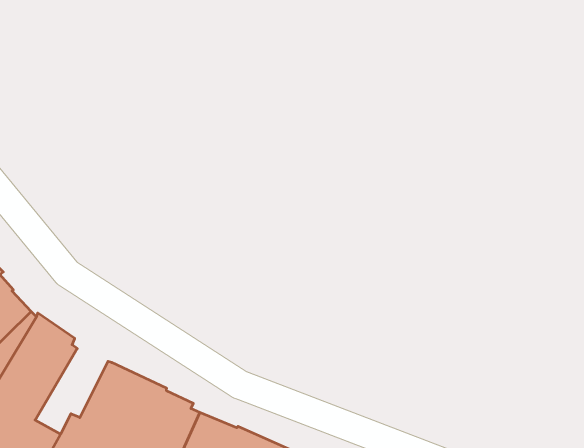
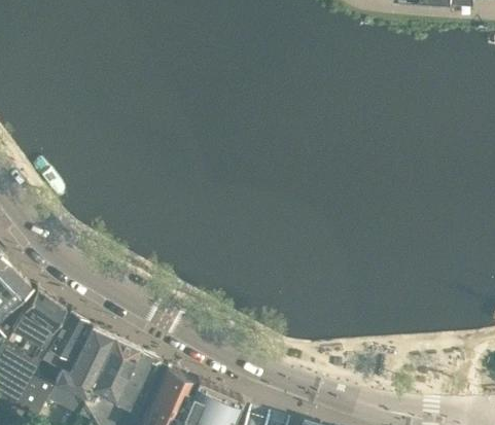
building: none -> [31,313,90,386]

